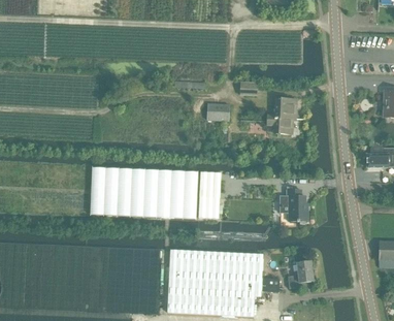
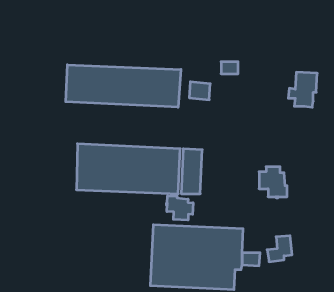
building: none -> [66,65,181,107]
building: [267,97,297,133] -> [288,72,317,107]
building: none -> [166,196,193,220]

